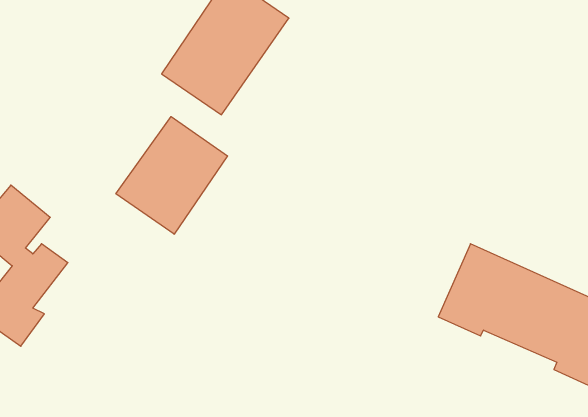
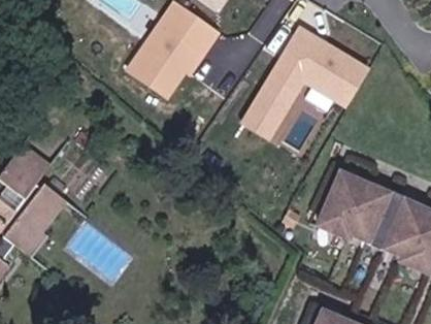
building: none -> [241,18,371,134]
building: [116,117,228,234] -> none

